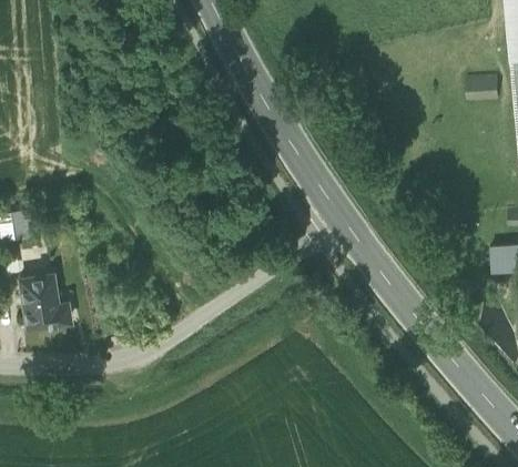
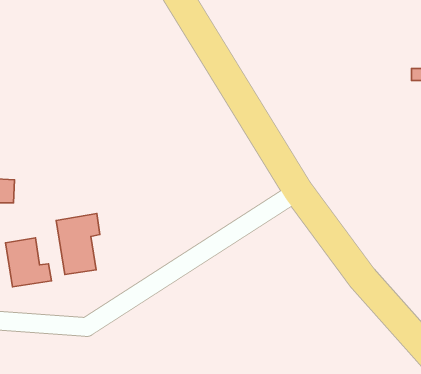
building: none -> [56,214,100,274]

